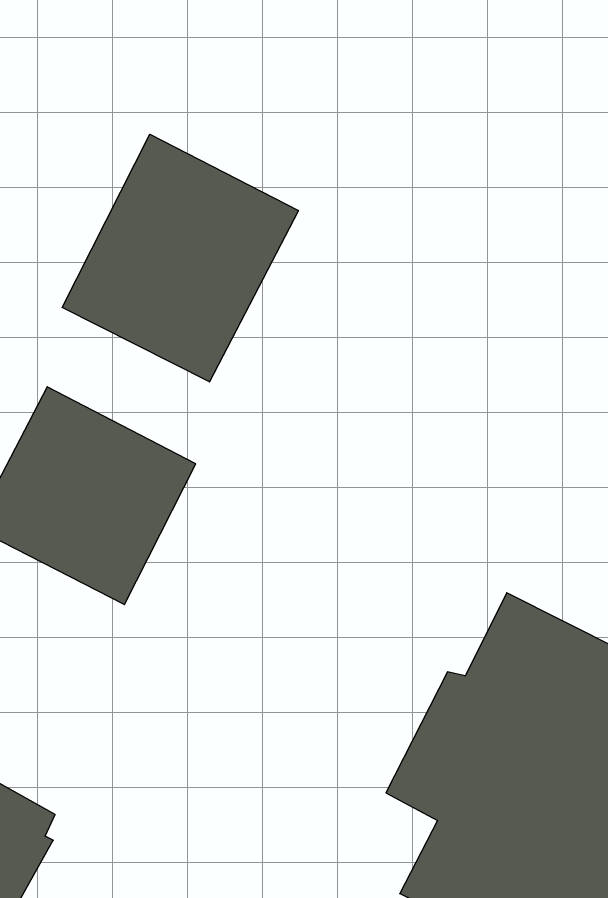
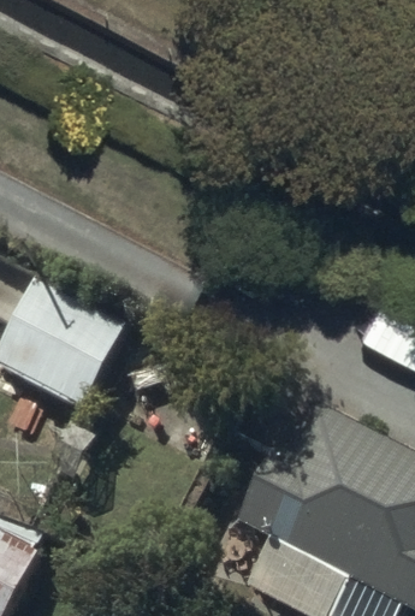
building: [62,134,298,382] -> none

